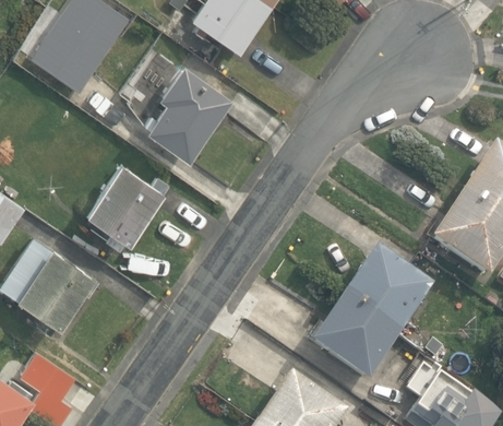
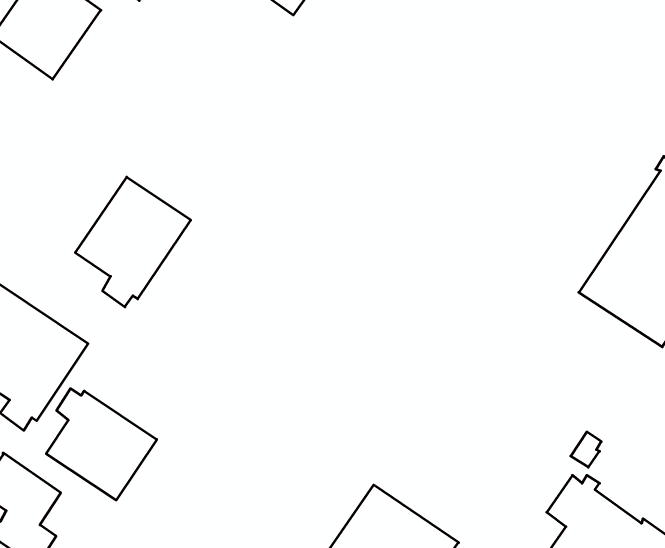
building: [144,64,230,161] -> none
building: [309,248,432,383] -> none
building: none -> [46,389,157,500]

